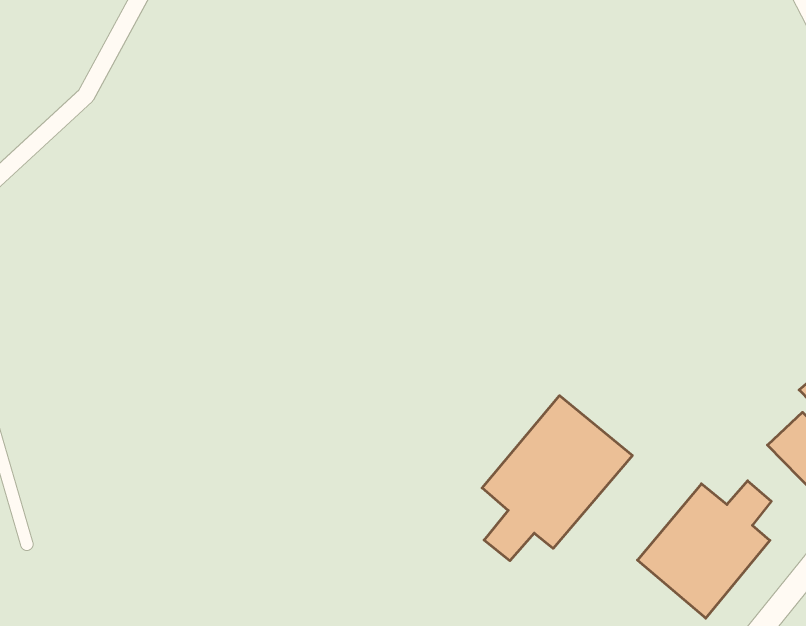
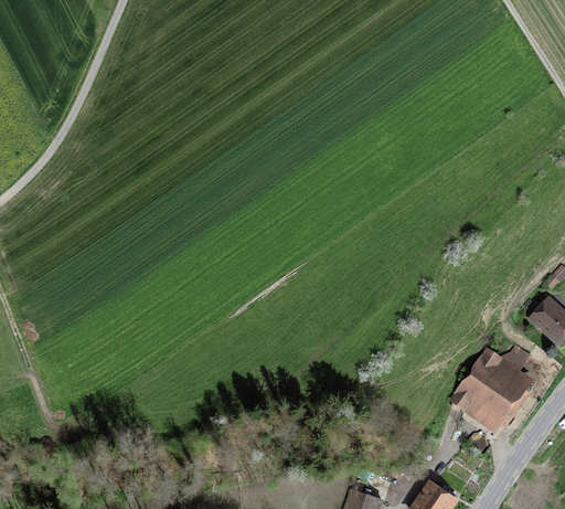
building: [482,396,632,561] -> none

